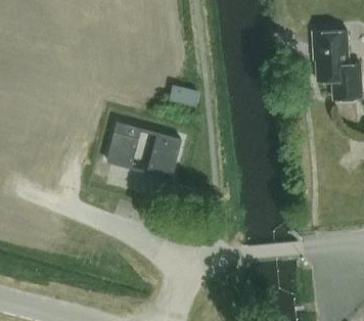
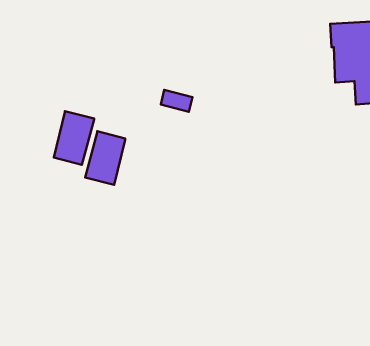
building: [146,132,180,177] -> [54,111,94,165]

